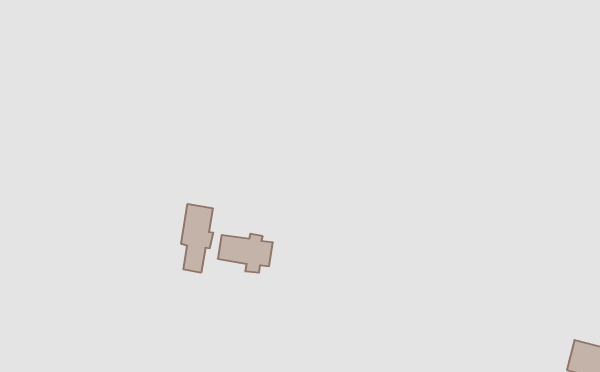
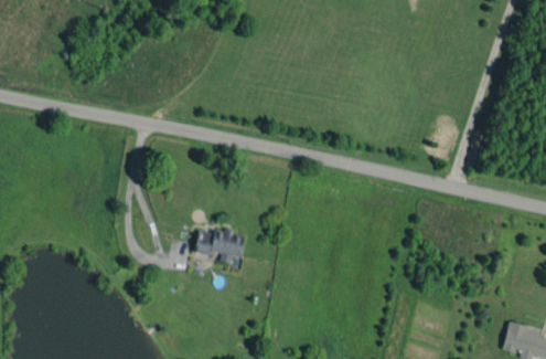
building: [181,204,213,273] -> none

